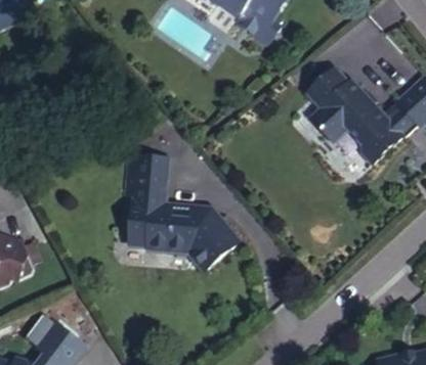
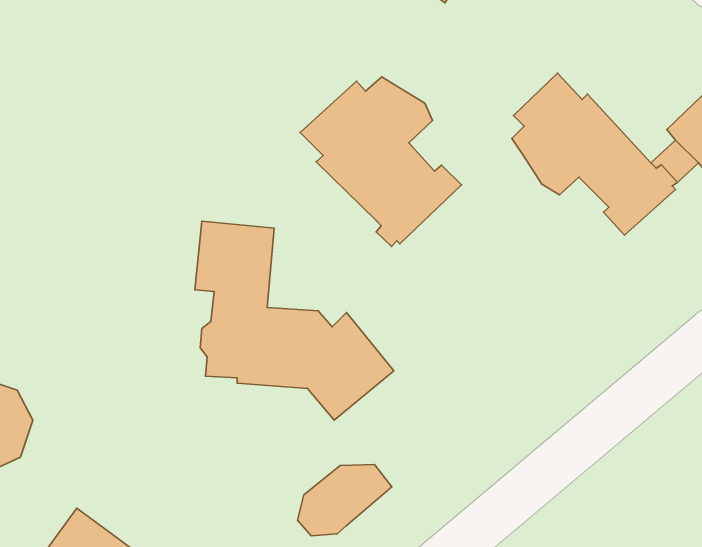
building: none -> [300,77,462,247]
building: none -> [297,464,392,536]

